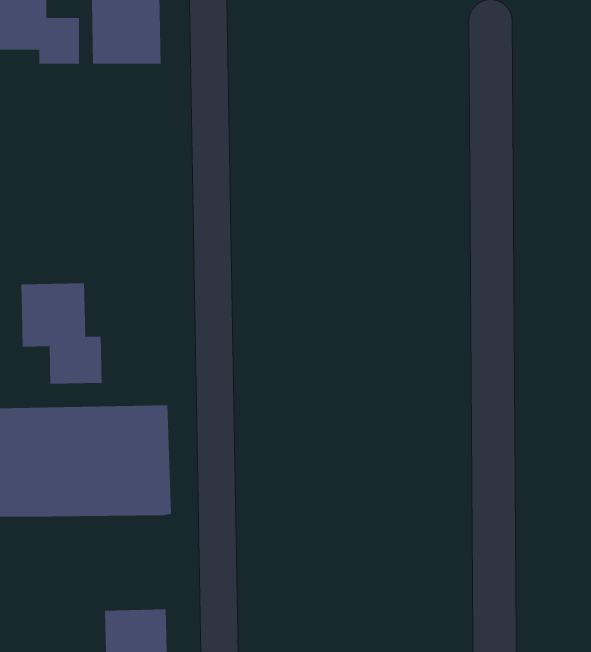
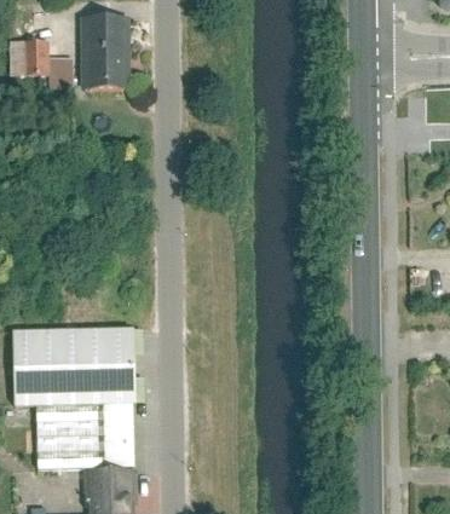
building: [21,283,102,385] -> none
building: none -> [33,404,133,472]

